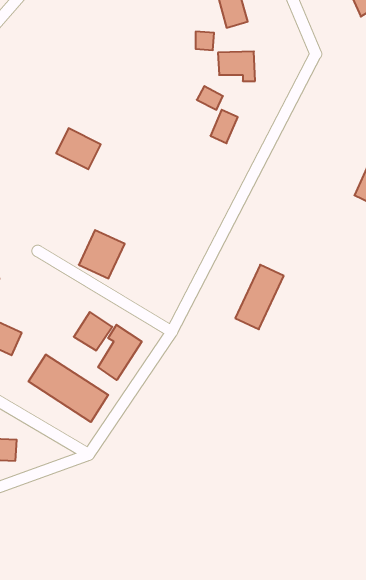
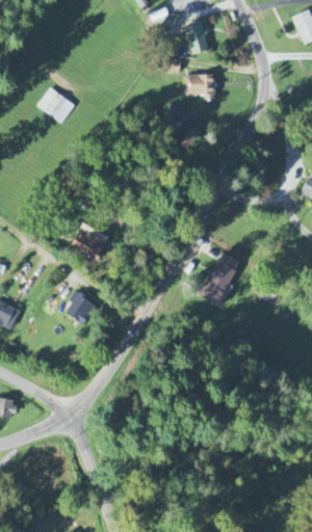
building: [56,128,101,169] -> [38,88,76,123]
building: [98,325,142,380] -> none
building: [29,354,108,422] -> none

